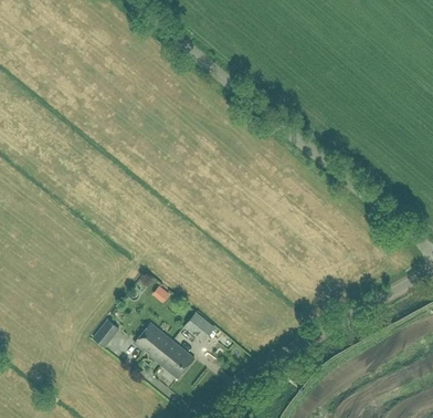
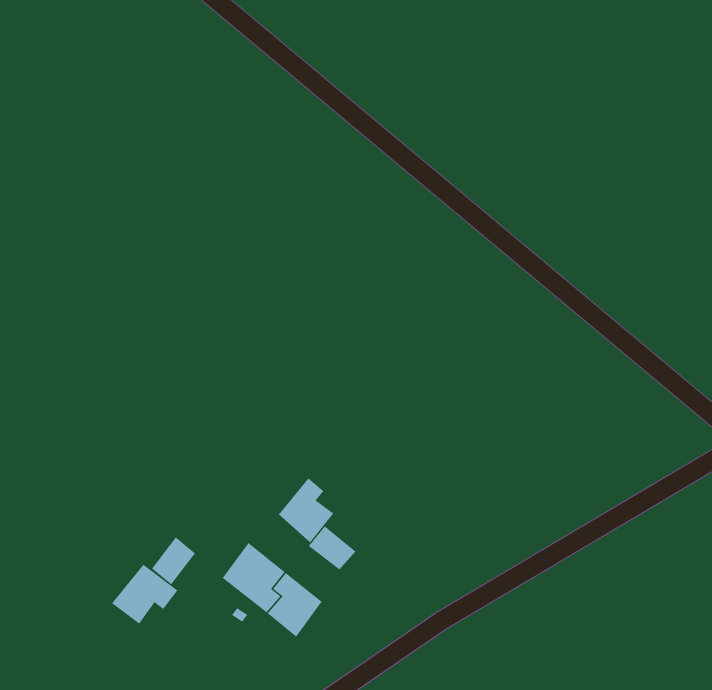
building: none -> [278,478,334,543]
building: none -> [111,564,178,624]

